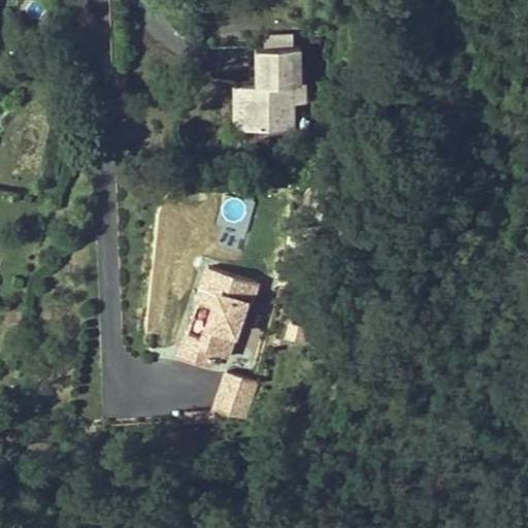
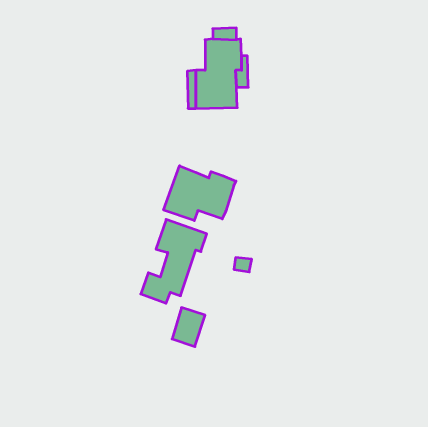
building: none -> [164,166,236,221]

